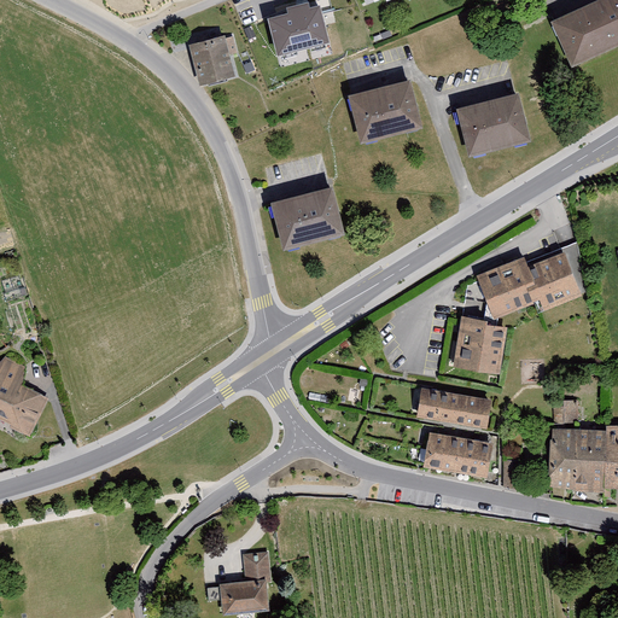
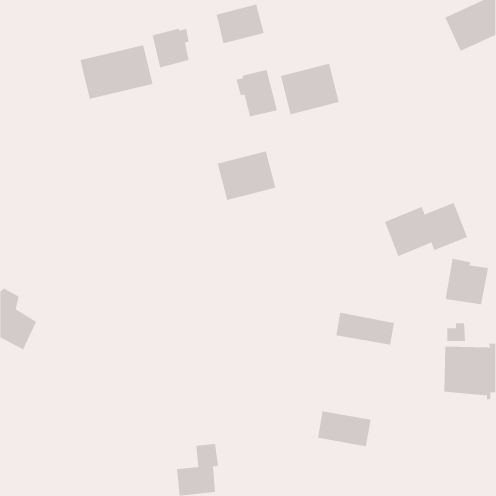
building: none -> [80,45,153,99]
building: none -> [236,69,278,117]
building: [456,92,531,156] -> none
building: [453,315,507,373] -> [445,258,489,305]
building: [424,432,491,477] -> [317,411,372,447]

